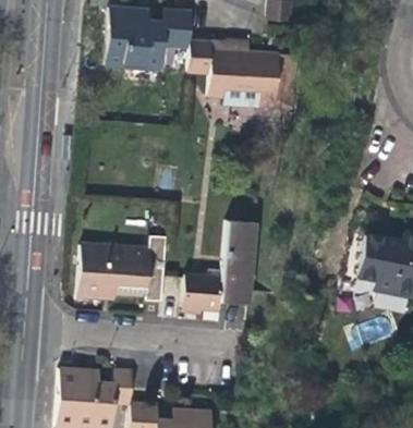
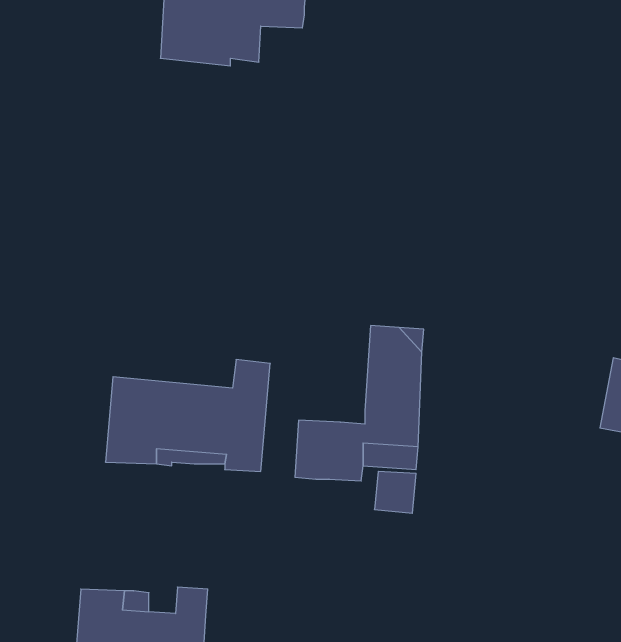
building: [186,38,299,110] -> none

